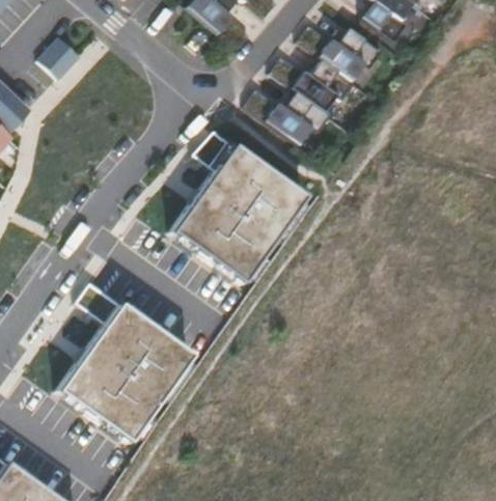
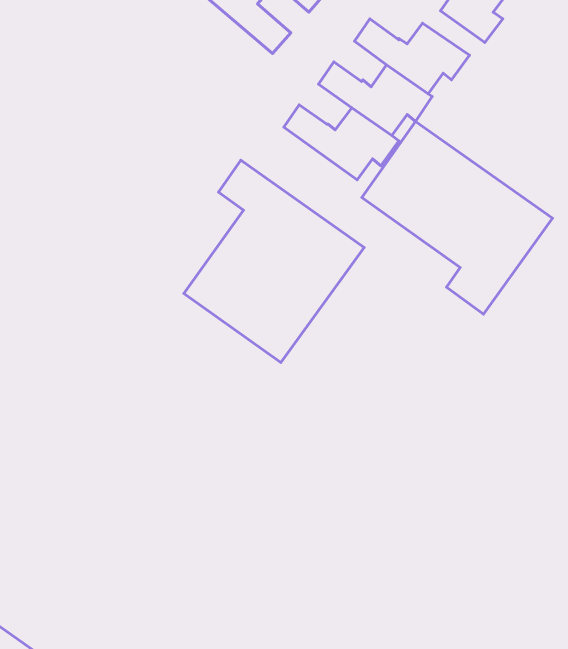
building: [42,37,83,79] -> none
building: none -> [362,122,552,314]
building: [57,280,191,439] -> none

